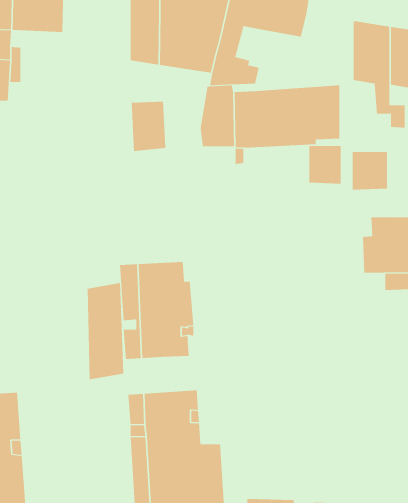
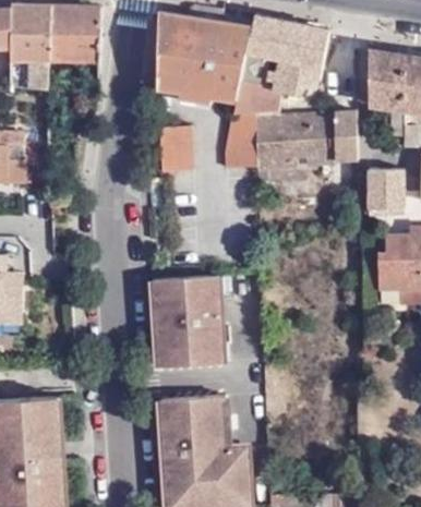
building: none -> [270,58,320,98]
building: [309,145,341,184] -> none
building: [87,282,124,380] -> none

